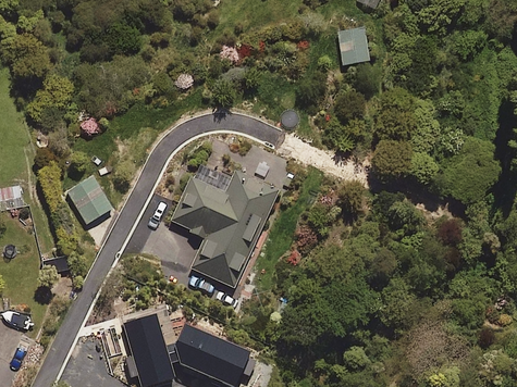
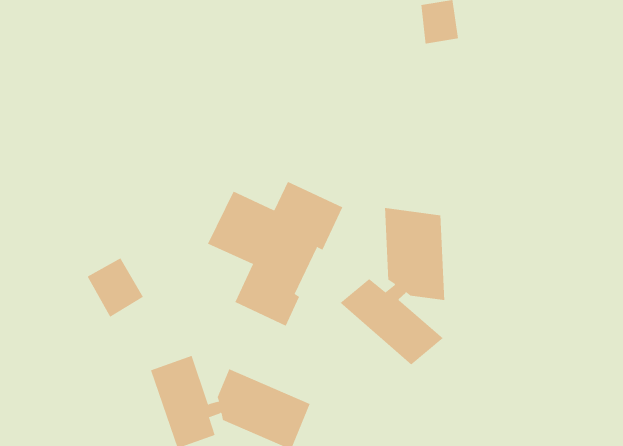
building: [71,177,116,225] -> [87,258,144,317]
building: none -> [339,207,445,365]

